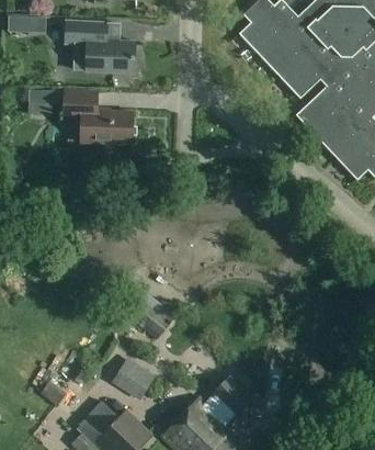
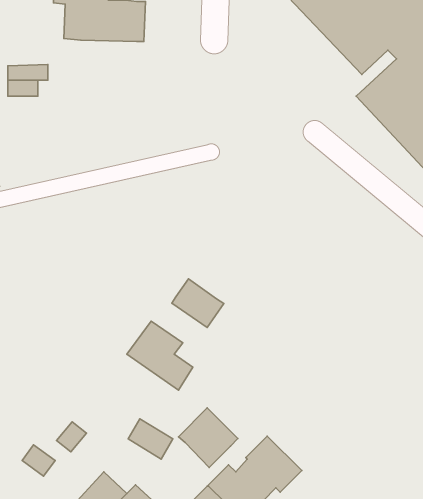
building: [64,91,133,143] -> none
building: none -> [172,279,224,328]
building: none -> [179,408,238,467]

